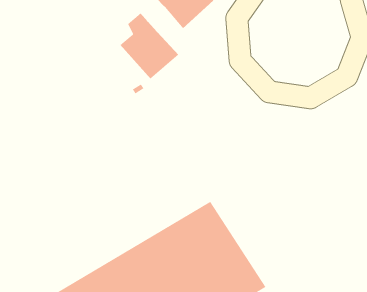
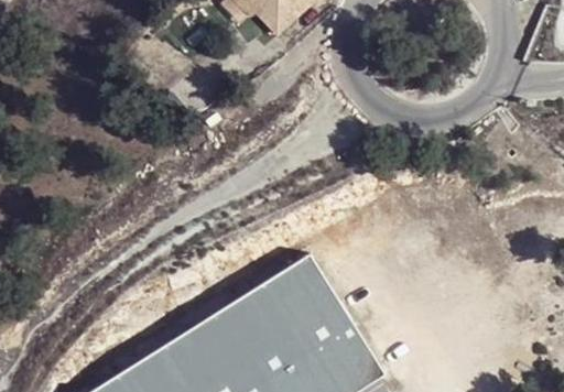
building: [119,13,179,80] -> none

